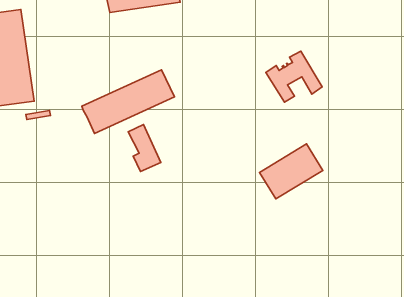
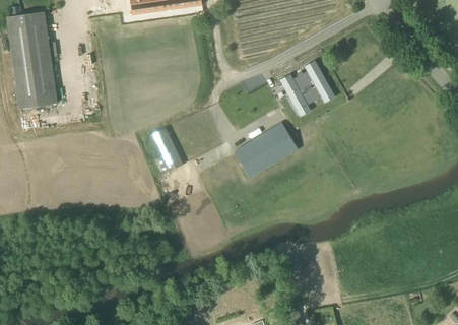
building: [82,70,174,133] -> none
building: [259,144,323,199] -> [235,123,298,178]

